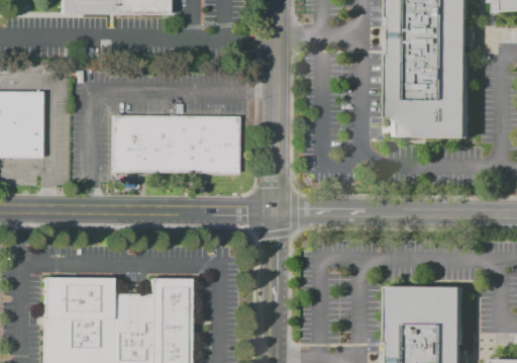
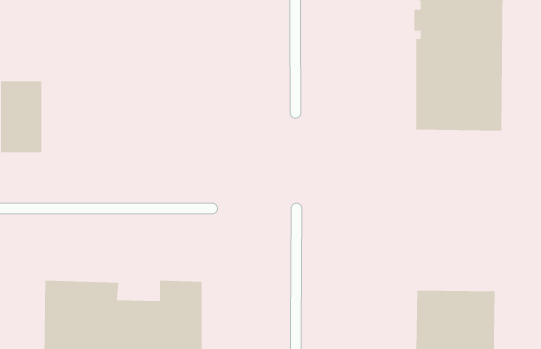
building: [109,115,239,176] -> none

